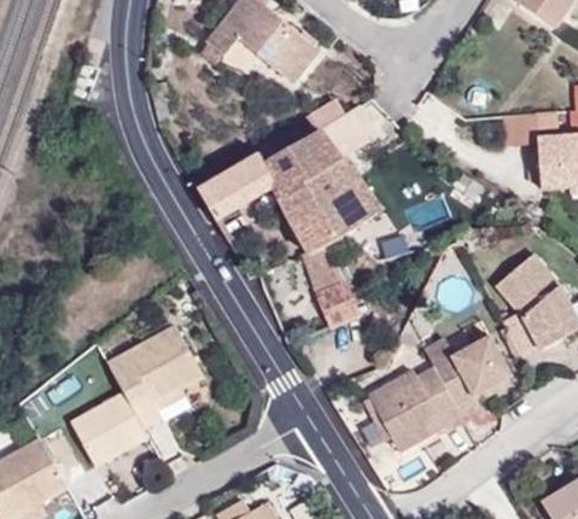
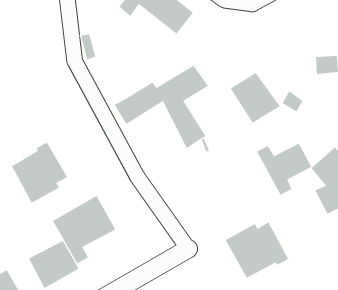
building: [305,159,383,237] -> [230,72,281,124]
building: none -> [11,142,68,203]
building: [314,280,362,328] -> none
building: [424,336,508,415] -> [256,143,312,195]

